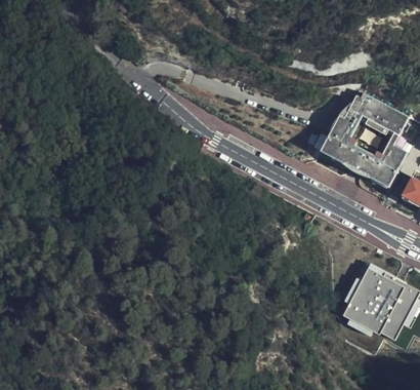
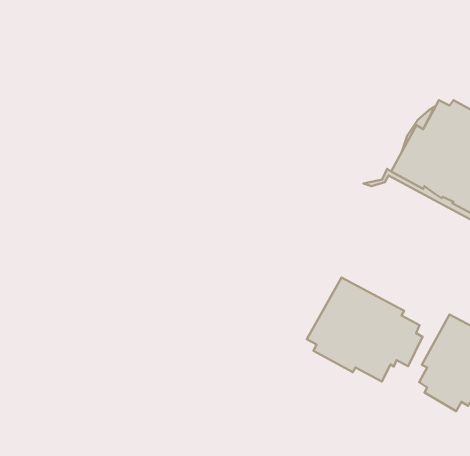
building: none -> [307,277,423,382]

